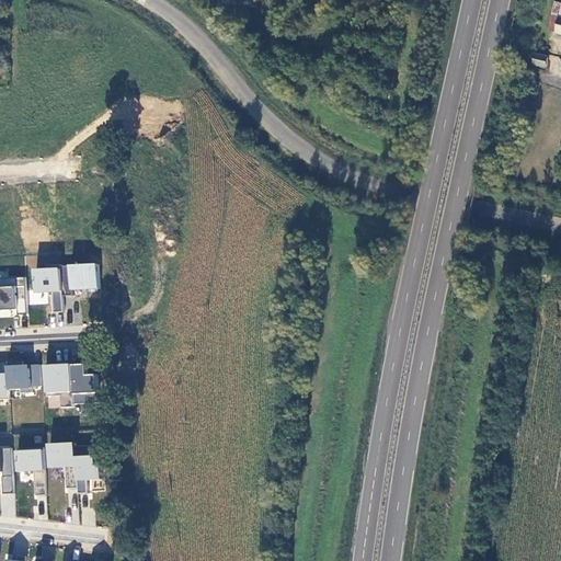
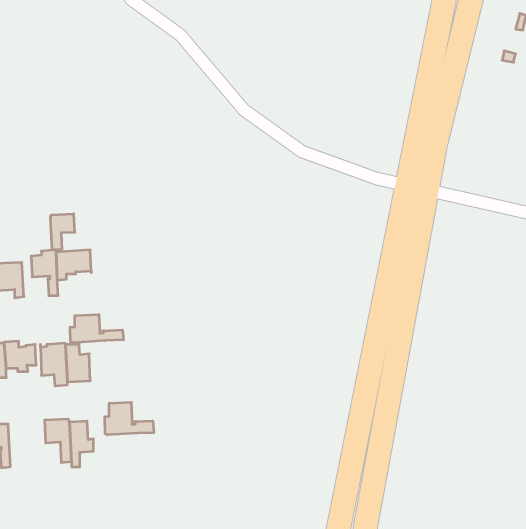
building: none -> [51,214,75,250]
building: none -> [70,314,123,343]
building: none -> [105,402,154,435]
building: [14,447,44,495] -> none

